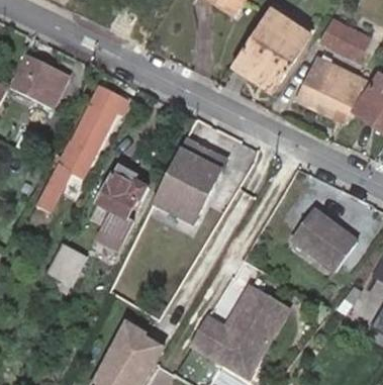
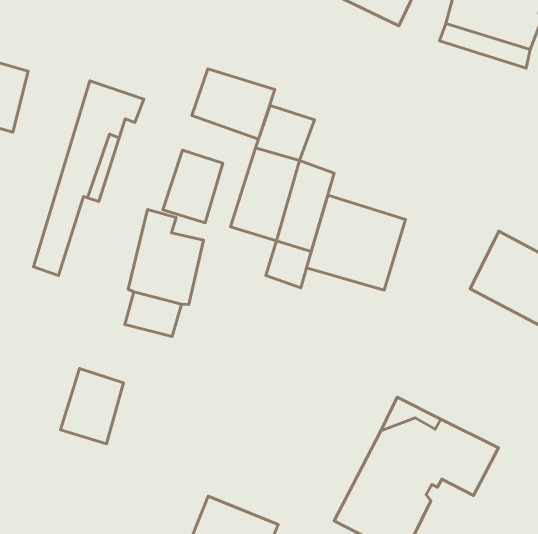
building: none -> [192,69,275,139]
building: none -> [163,150,223,223]
building: none -> [306,195,406,290]

